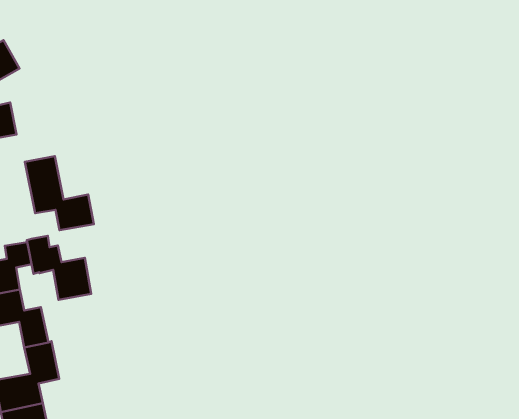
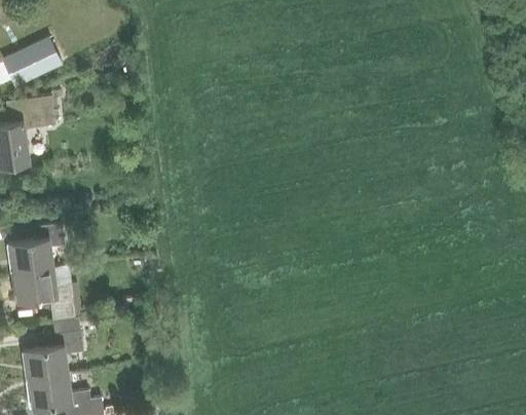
building: [25,156,94,230] -> none
building: [27,236,91,300] -> none

